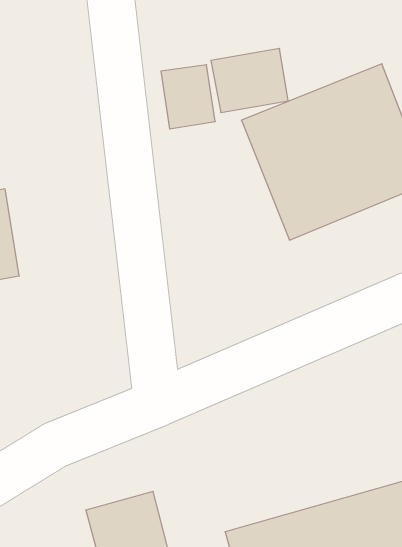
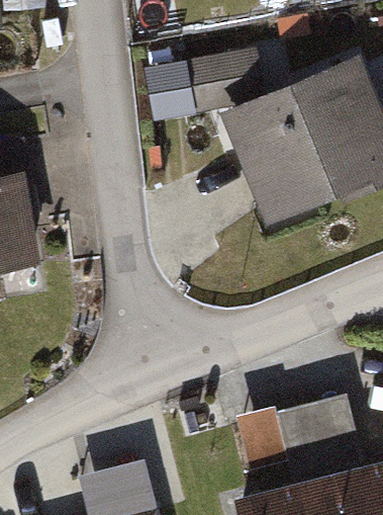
building: none -> [243,392,371,481]

